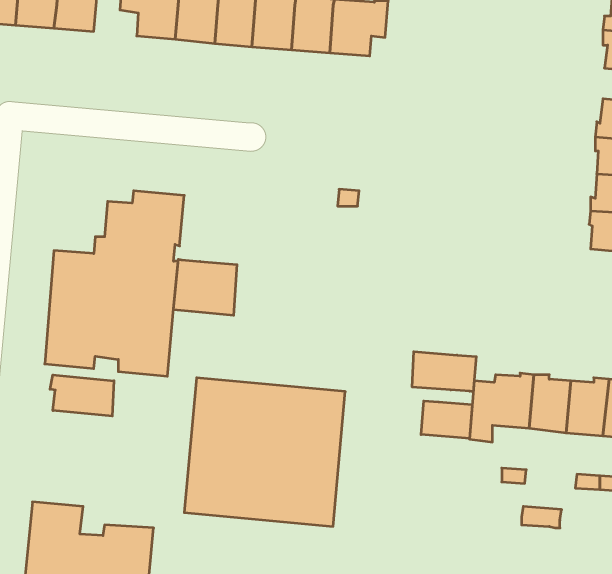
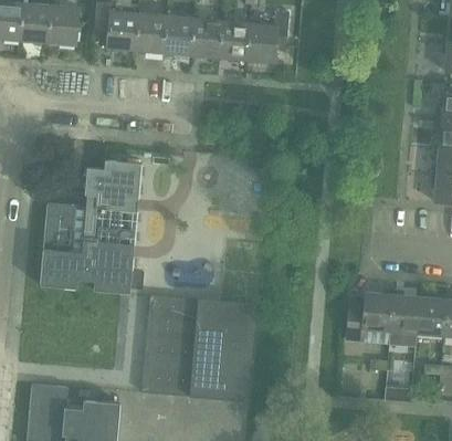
building: [173,259,237,315] -> none
building: [412,352,476,392] -> none
building: [50,375,114,416] -> none
building: [421,401,472,438] -> none

